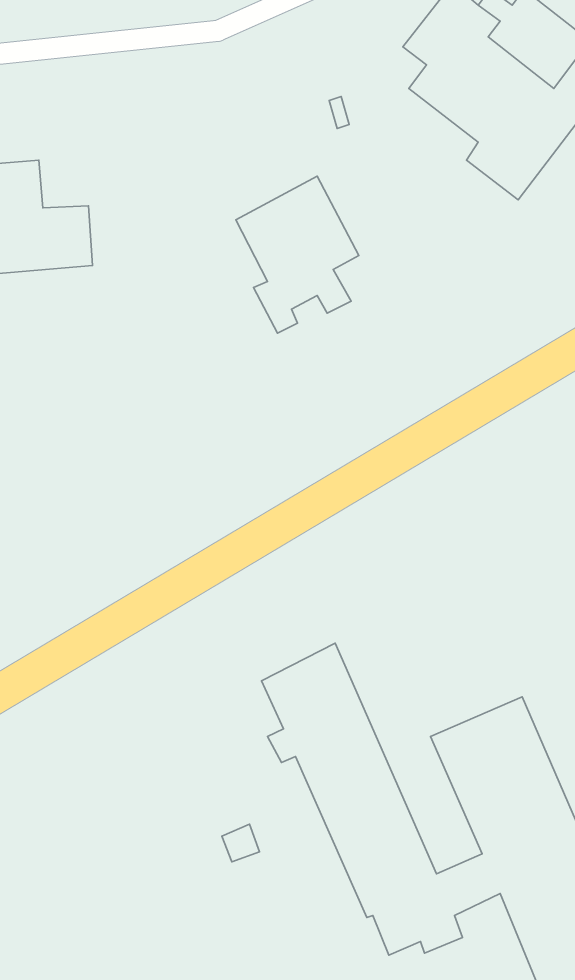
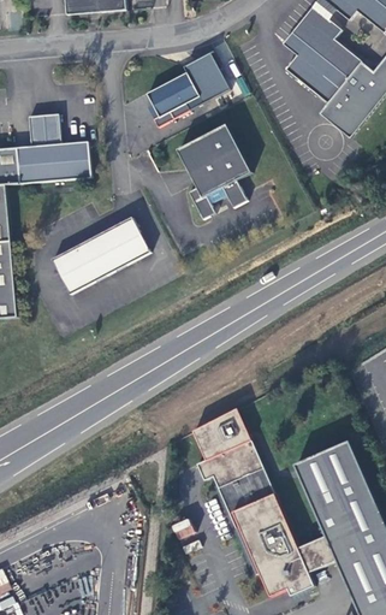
building: none -> [146,53,230,128]
building: none -> [51,217,149,294]

